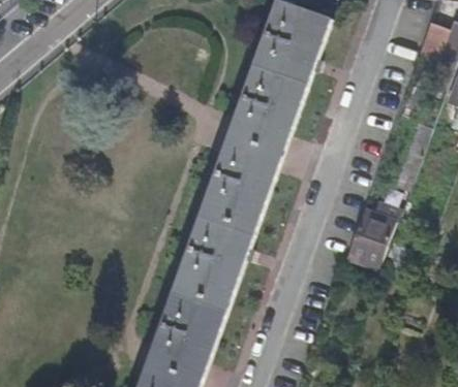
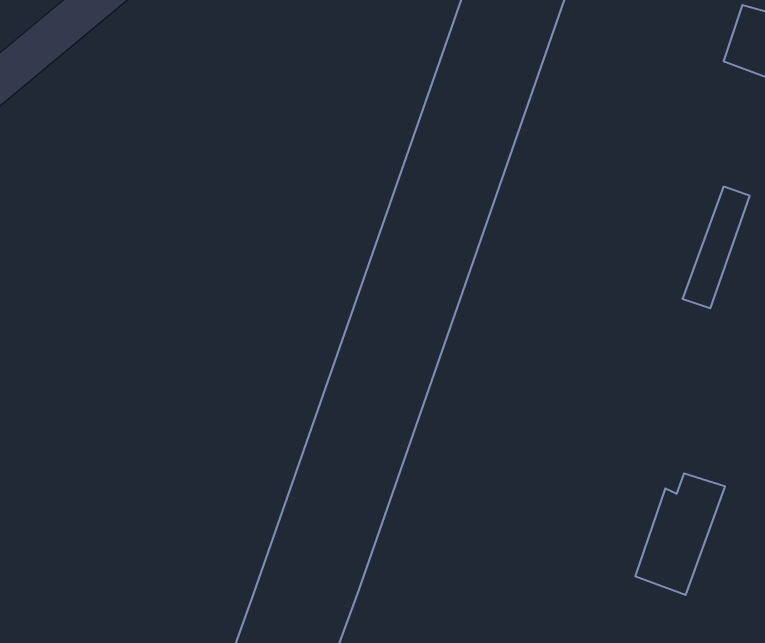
building: [346,199,396,266] -> [635,473,725,595]

